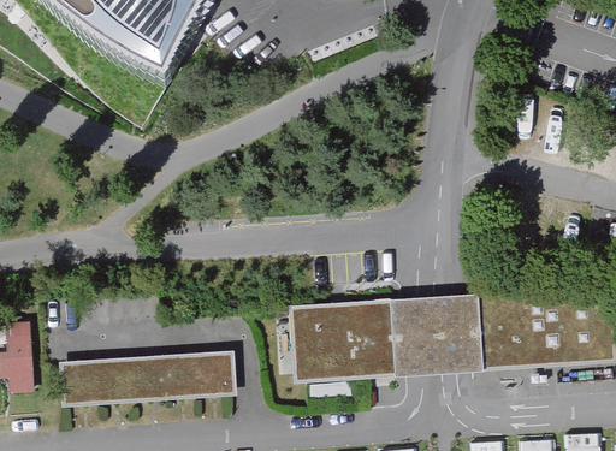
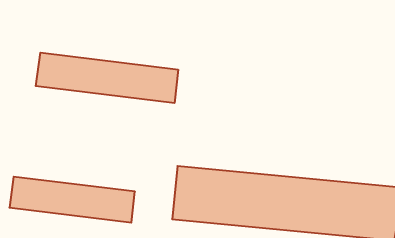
building: none -> [36,53,178,103]

